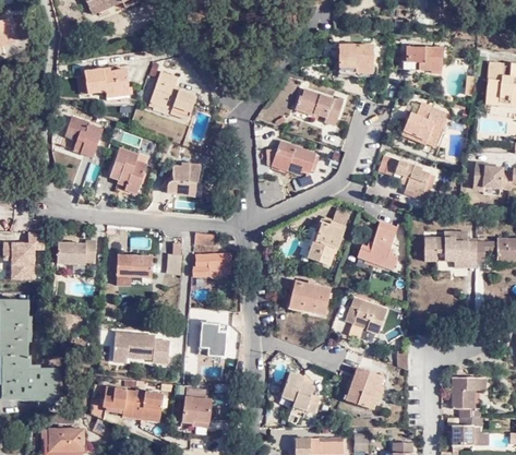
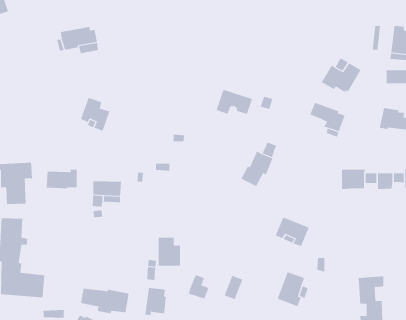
building: [336,44,373,74] -> none
building: [403,46,441,70] -> none
building: [148,69,192,116] -> none
building: [295,88,344,125] -> none
building: [59,113,96,155] -> none
building: [172,160,207,191] -> none
building: [358,224,398,273] -> none
building: [192,254,229,277] -> none
building: [291,285,329,314] -> none
building: [118,332,172,363] -> none
building: [293,382,320,412] -> [188,274,209,299]

